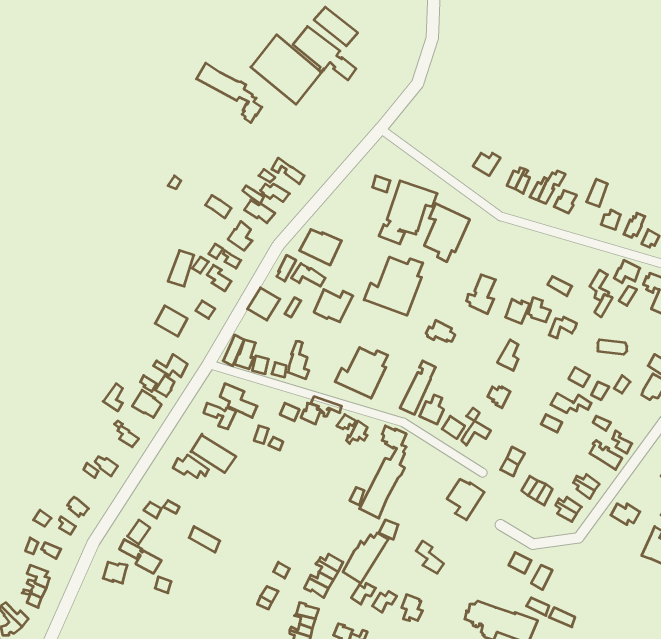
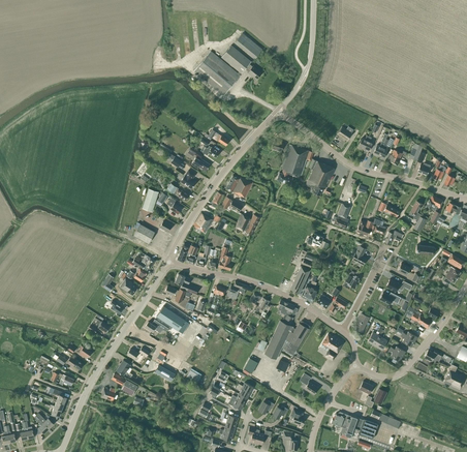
building: [196,63,262,123] -> none
building: [364,257,423,315] -> none
building: [335,347,388,398] -> none
building: [343,533,388,583] -> [281,322,310,354]

